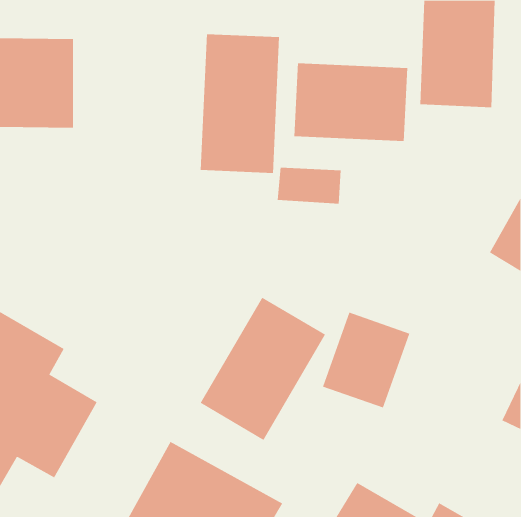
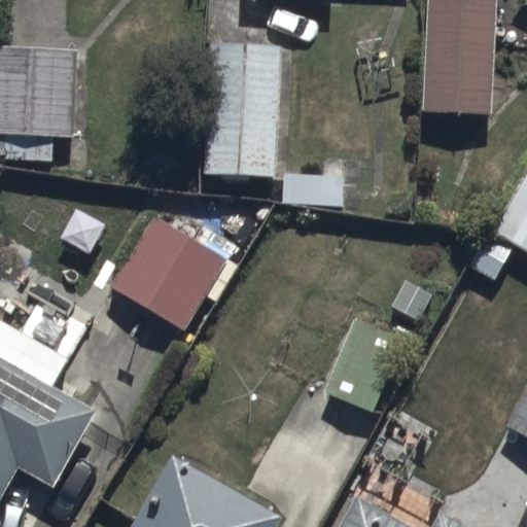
building: [294,63,408,142] -> none
building: none -> [110,217,225,333]
building: [200,297,326,441] -> none

